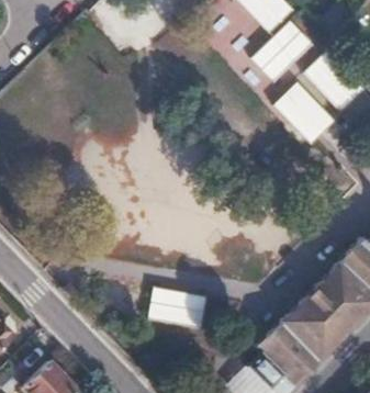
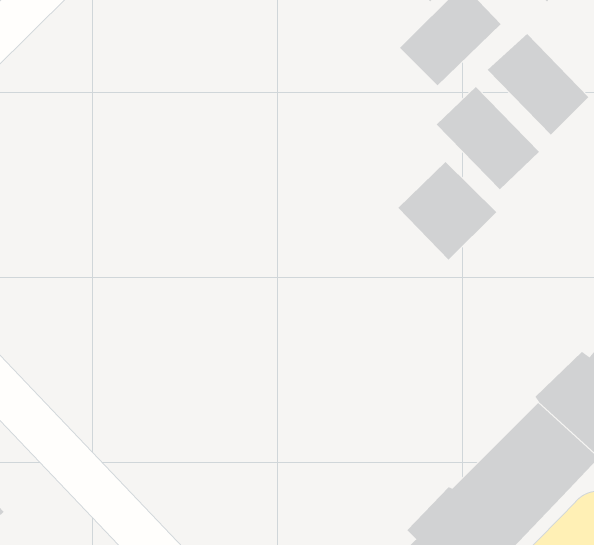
building: none -> [398,161,497,261]
building: [147,289,205,328] -> none

